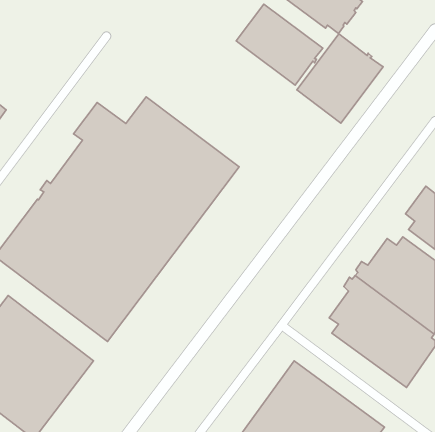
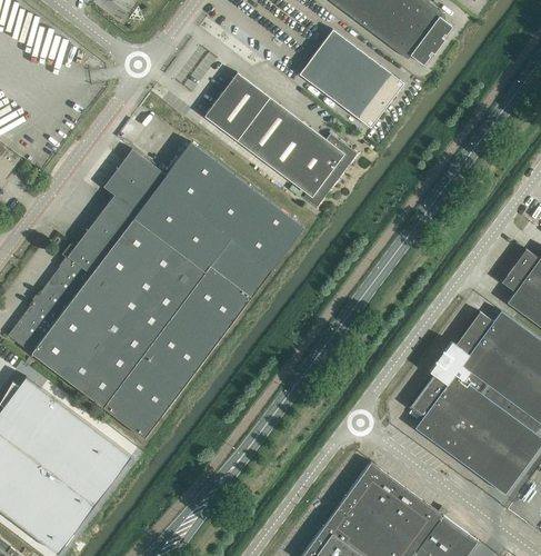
building: [297,34,383,123] -> none
building: none -> [204,72,357,207]

